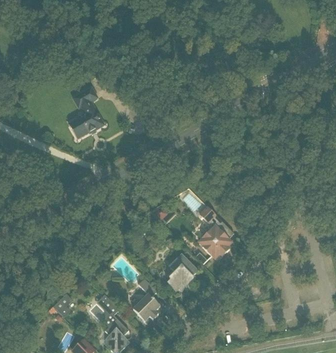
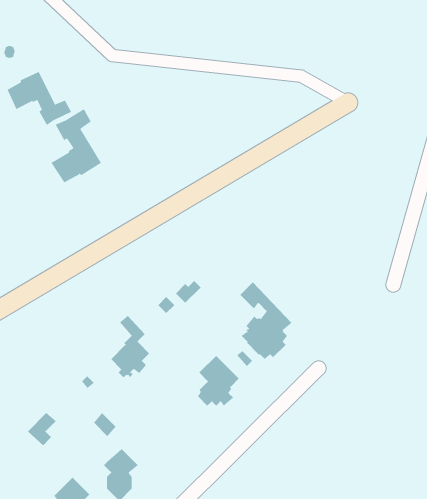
building: none -> [7,71,72,126]
building: [132,278,159,321] -> [110,315,150,378]

